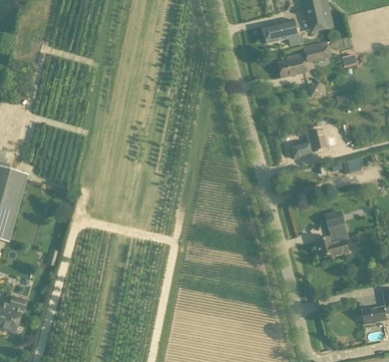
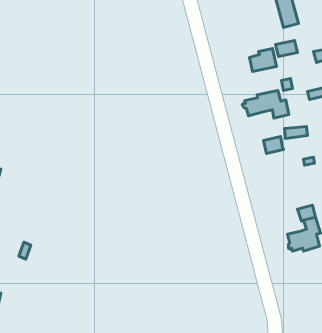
building: [262,19,302,44] -> none
building: none -> [242,91,289,118]

